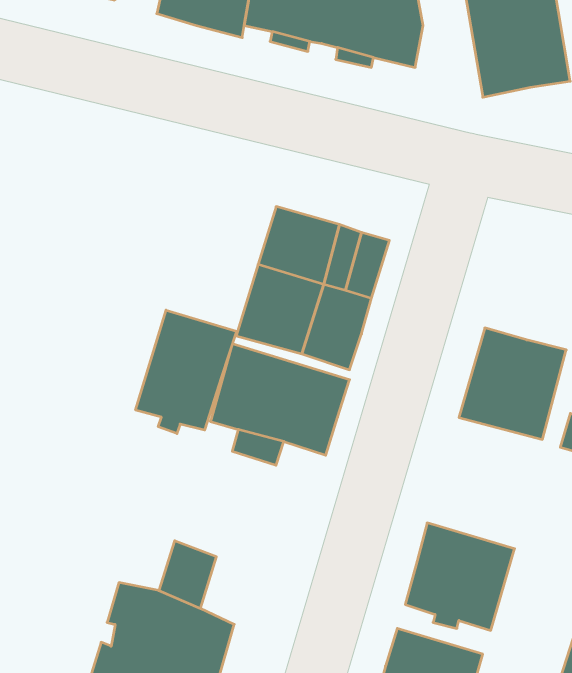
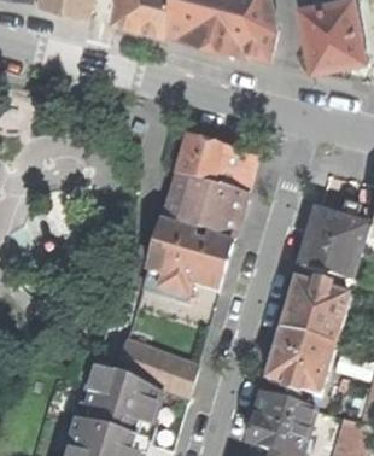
building: [136,310,236,434] -> none
building: none -> [279,279,345,343]
building: none -> [141,347,197,399]

